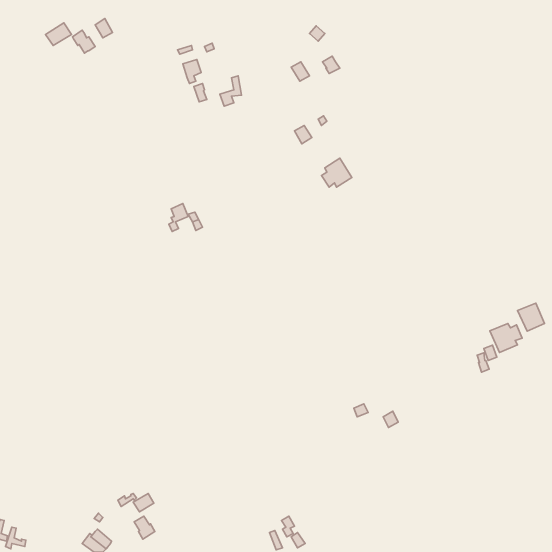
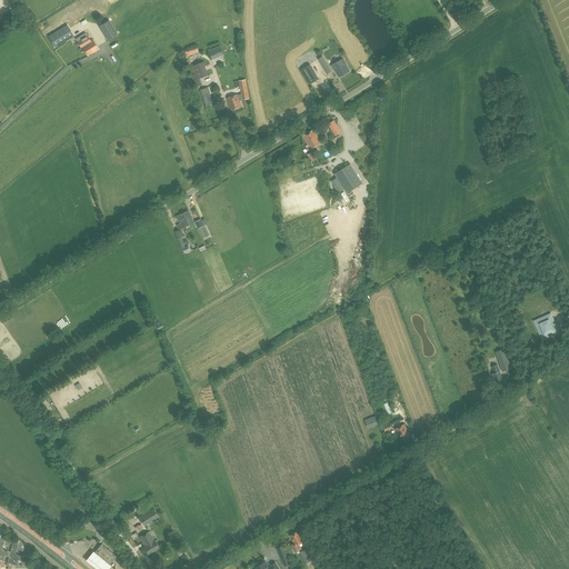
building: [490,323,522,352] -> none

